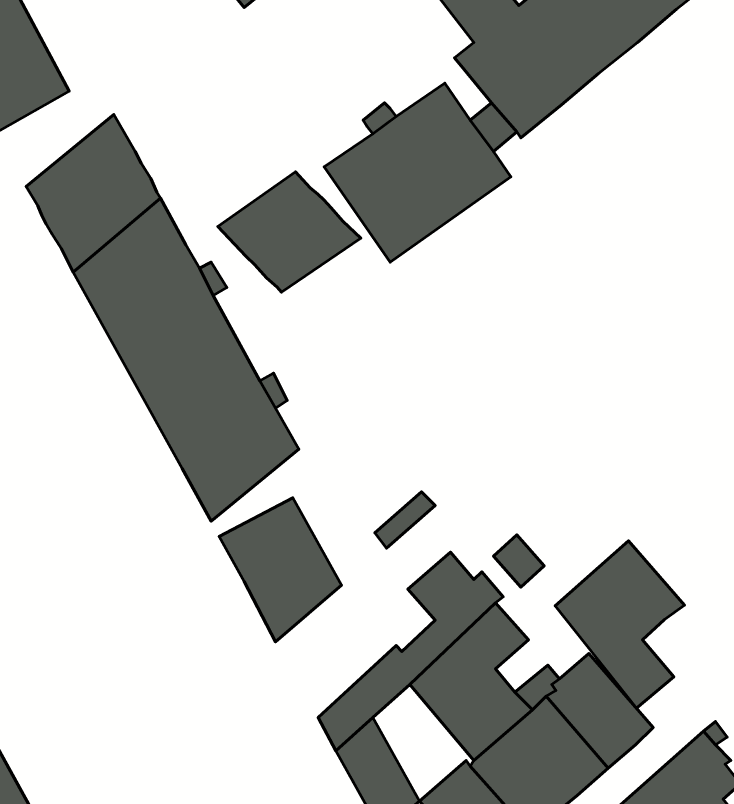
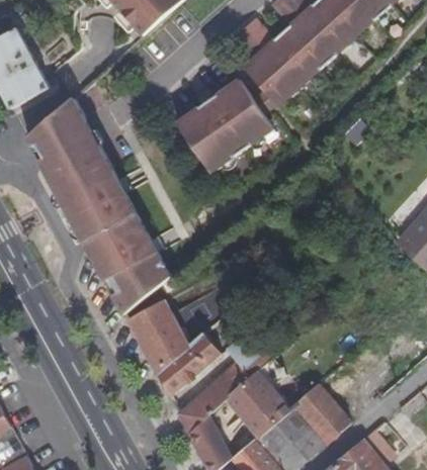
building: [218,172,361,292] -> none
building: [555,541,684,708] -> none
building: none -> [154,333,220,397]

